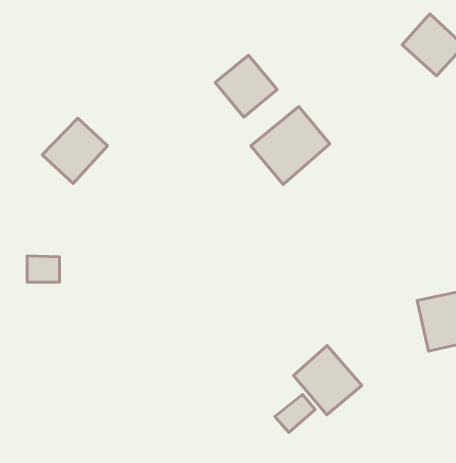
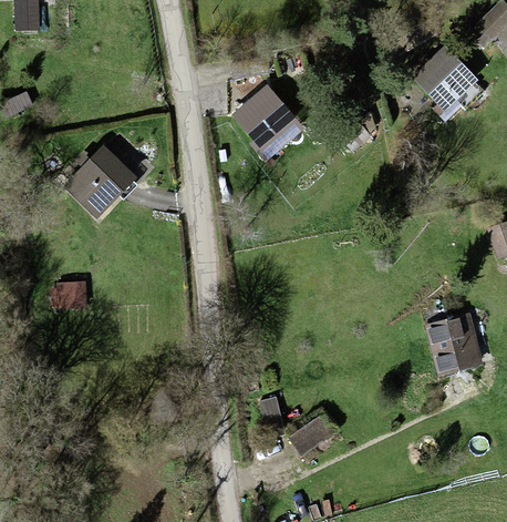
building: [251,107,330,185] -> none
building: [293,345,362,415] -> none

